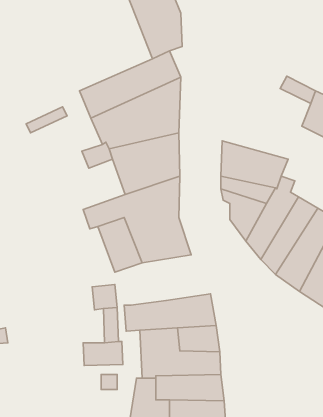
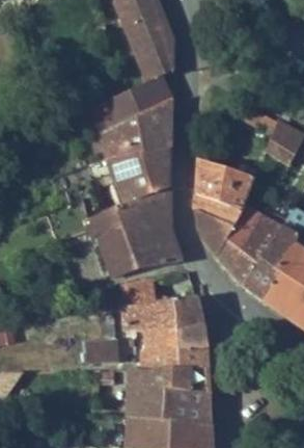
building: none -> [118,282,155,311]

